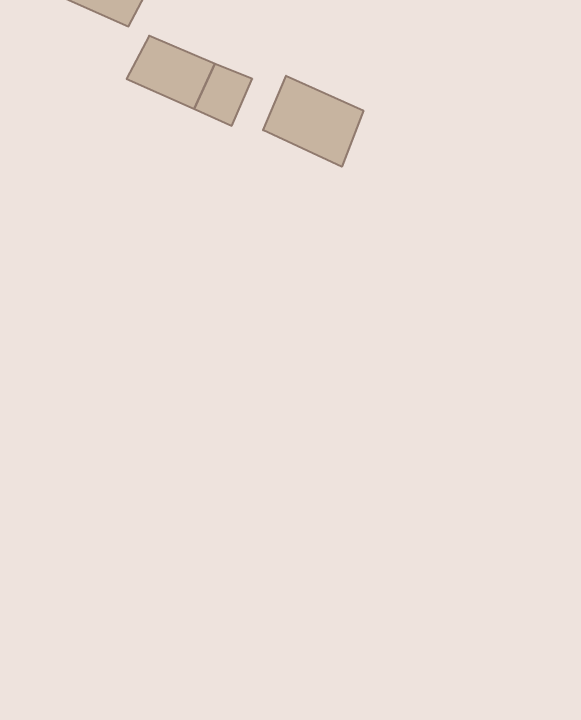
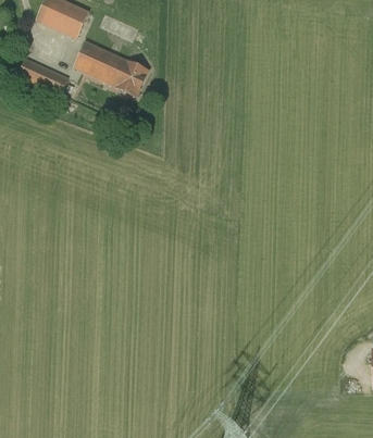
building: none -> [17,58,67,93]
building: [263,76,363,167] -> none

